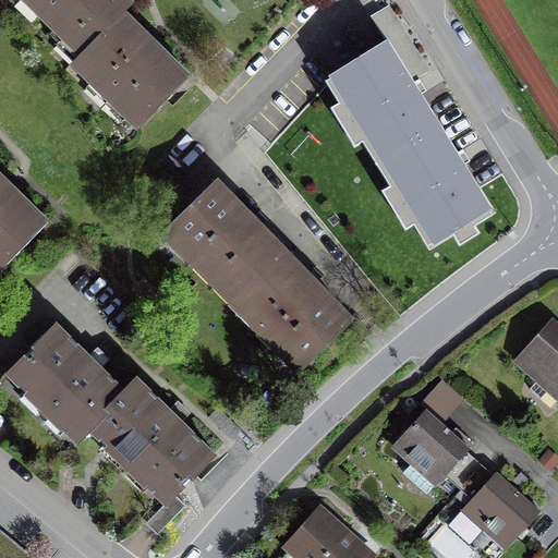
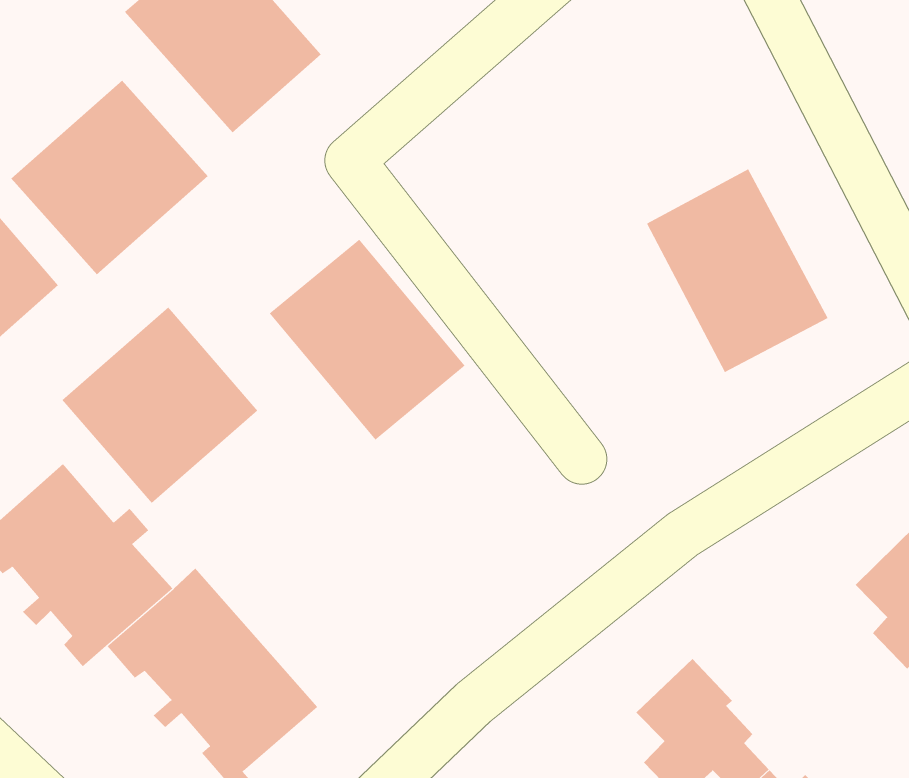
building: [328,41,438,161] -> none
building: none -> [10,80,209,275]
building: none -> [62,307,258,504]
building: [234,251,349,365] -> none

